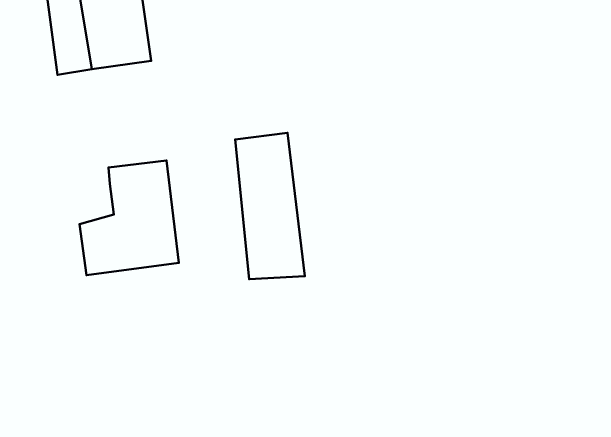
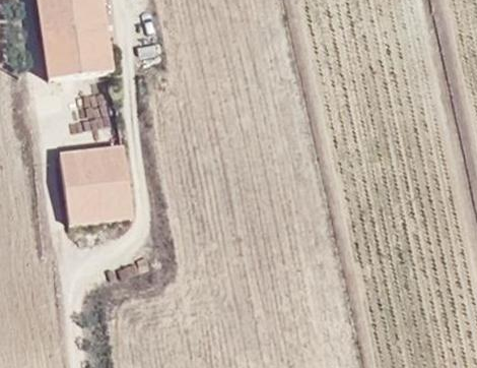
building: [235,133,305,279] -> none
building: none -> [58,147,88,189]

